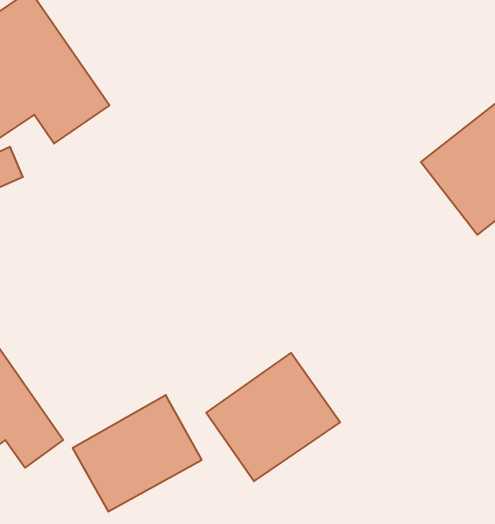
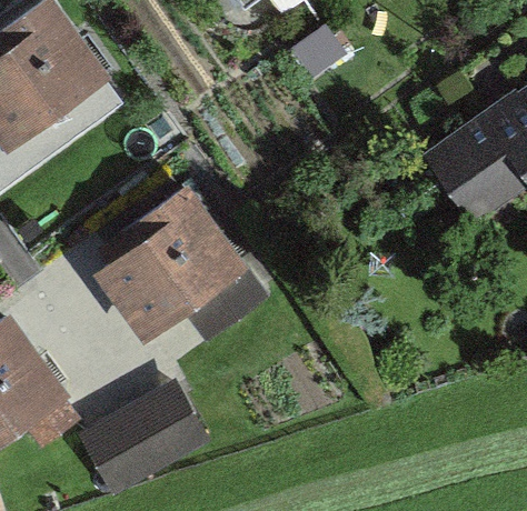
building: none -> [95,181,268,343]
building: [206,353,340,481] -> none

